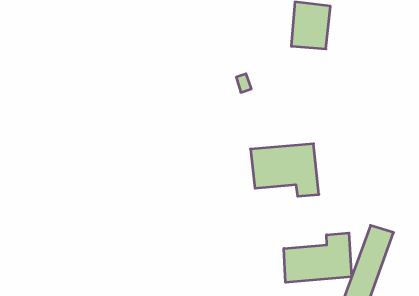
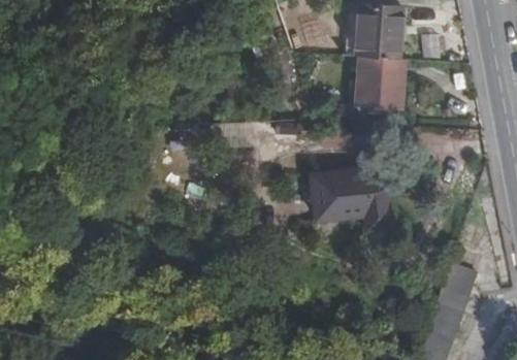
building: none -> [356,58,406,111]
building: [284,233,352,282] -> none

